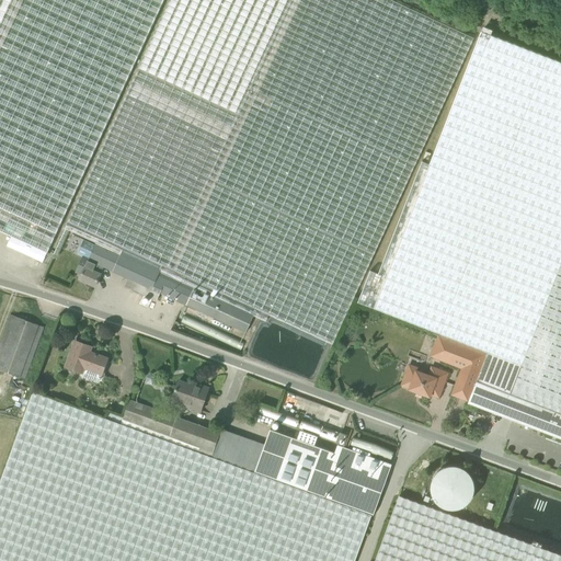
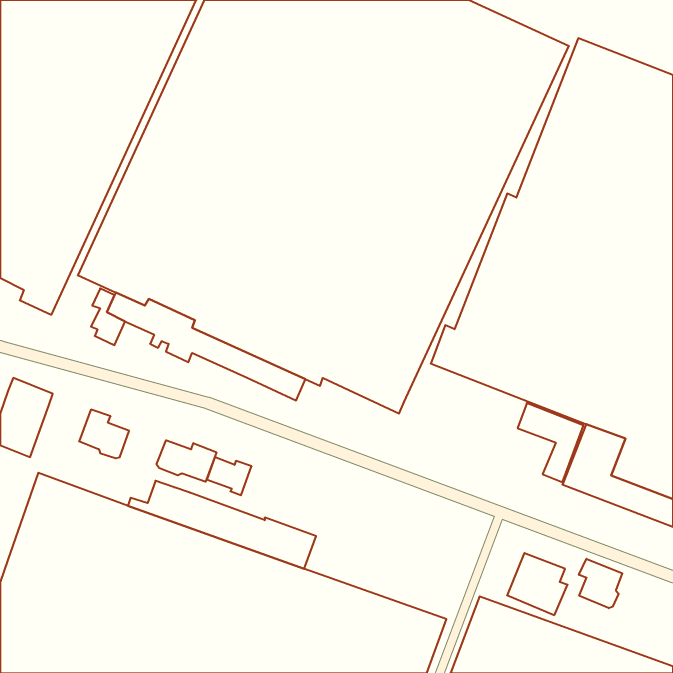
building: none -> [157,440,216,482]
building: [401,368,448,398] -> none
building: [253,433,391,516] -> none
building: none -> [579,559,622,608]

